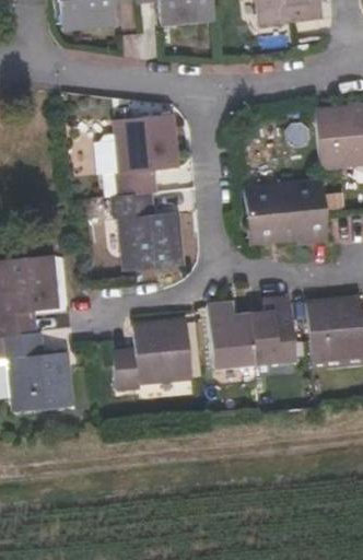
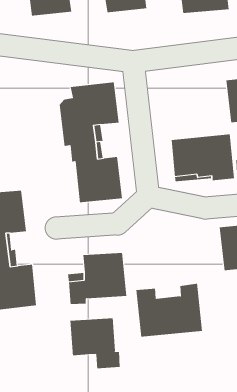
building: [208,296,295,366] -> [136,283,203,337]
building: none -> [70,317,120,369]

